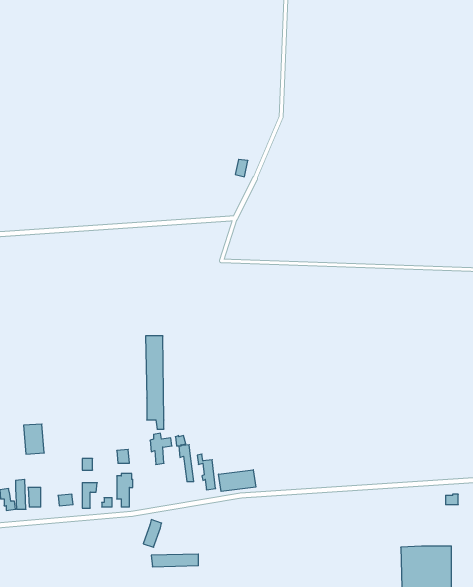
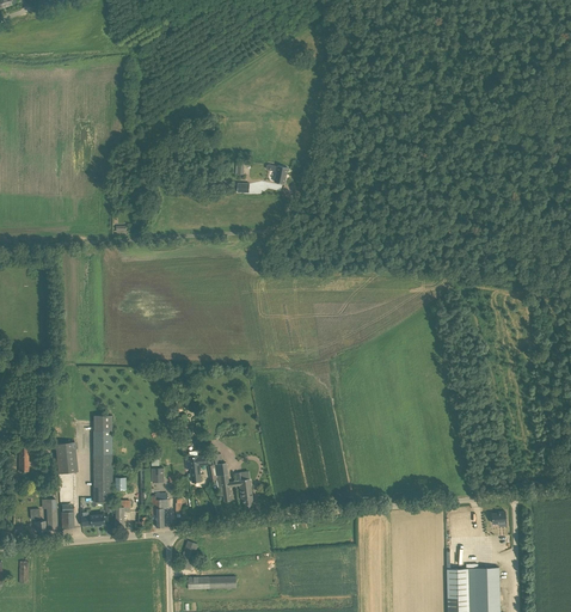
building: [146,336,164,429] -> [93,415,112,512]
building: [219,470,256,491] -> none

